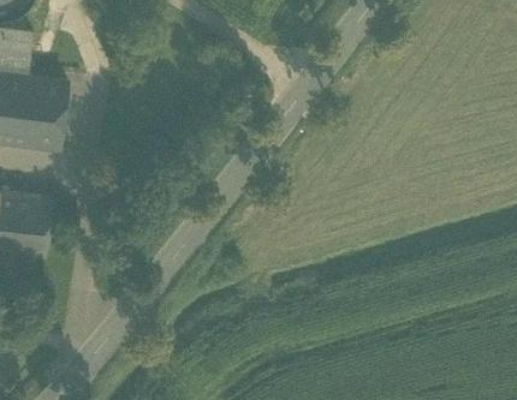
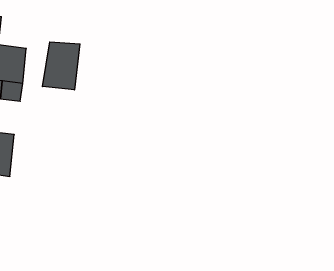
building: none -> [42,42,80,90]

